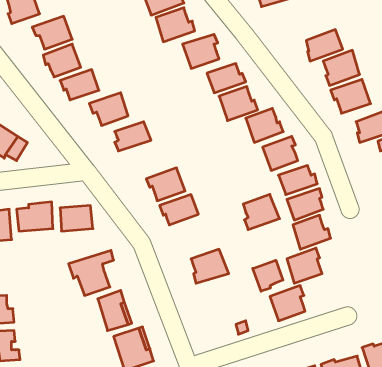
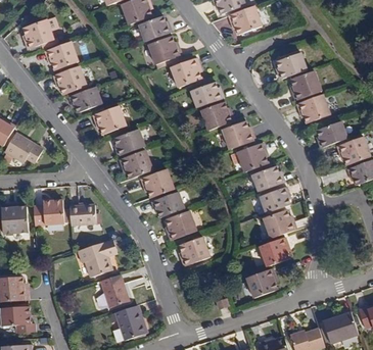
building: none -> [120,150,152,178]
building: [243,194,280,230] -> [169,210,199,240]
building: [253,260,283,291] -> none

